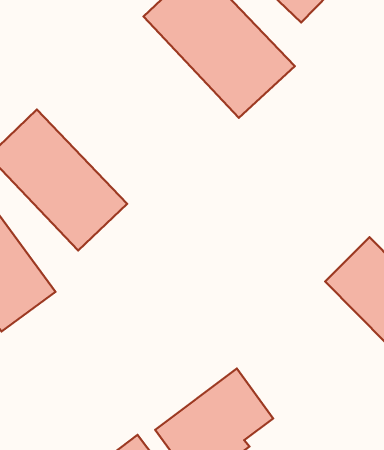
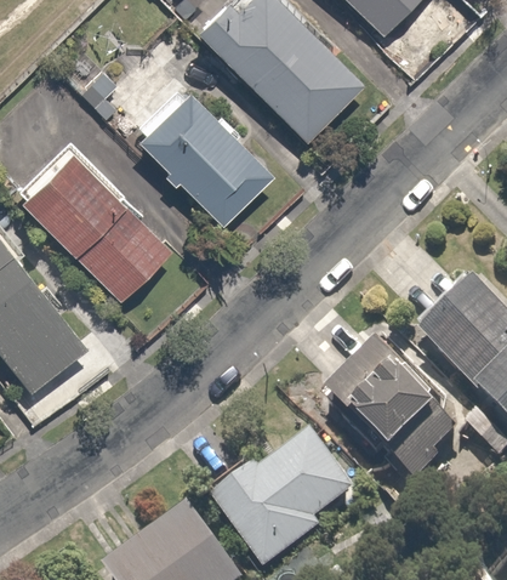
building: none -> [131,75,289,234]
building: none -> [324,351,451,477]

